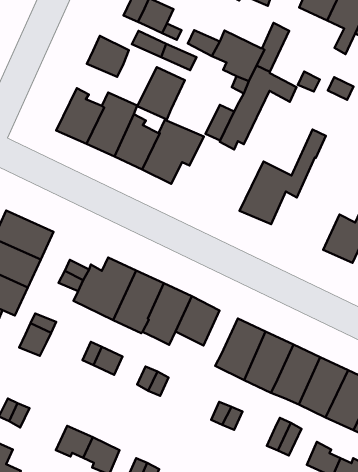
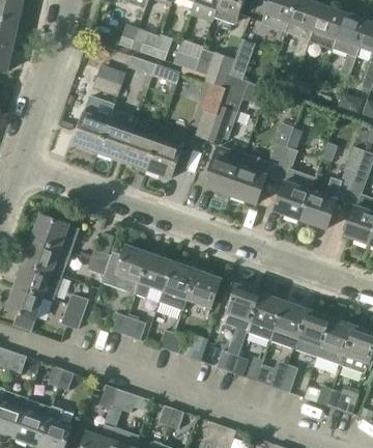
building: [137,67,185,119] -> none
building: none -> [203,147,245,195]
building: none -> [274,145,315,220]

